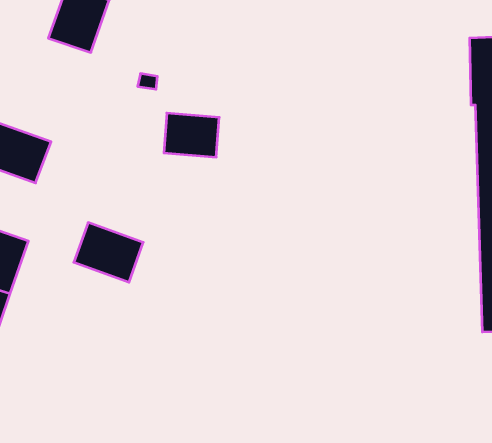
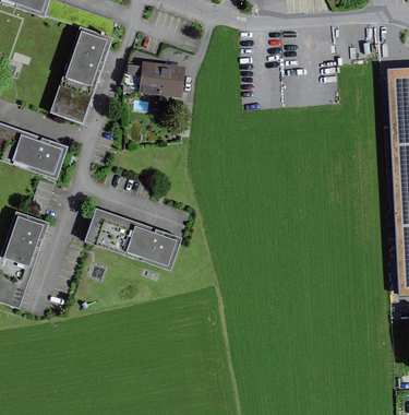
building: none -> [50,67,98,121]
building: [164,113,219,157] -> [141,62,183,96]
building: none -> [128,224,180,268]

